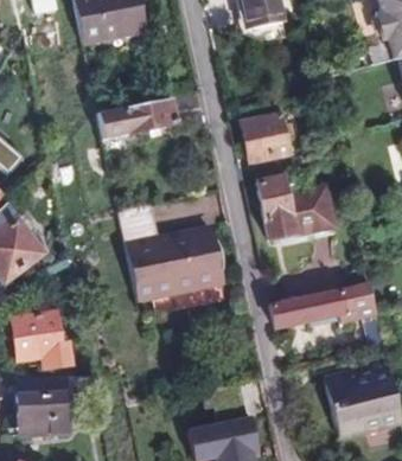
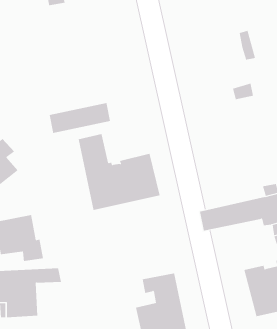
building: [98,101,177,140] -> [49,102,111,134]
building: [243,111,295,162] -> none
building: [256,172,334,241] -> none

